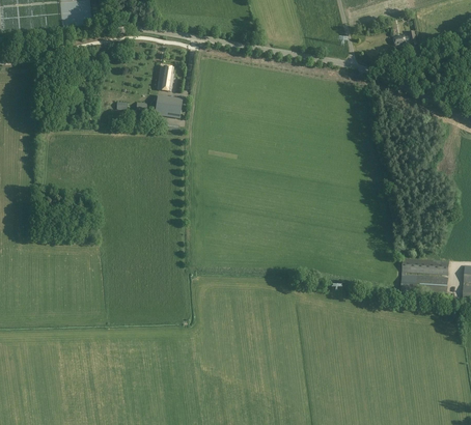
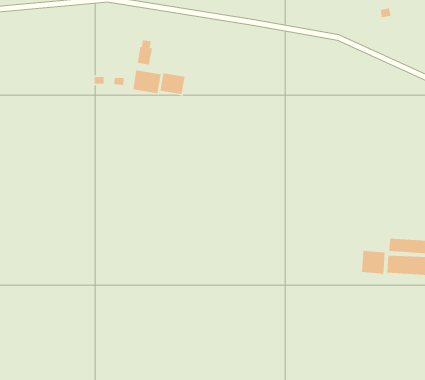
building: none -> [160,72,185,95]
building: none -> [361,250,386,274]

